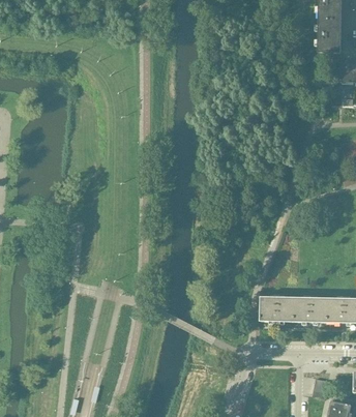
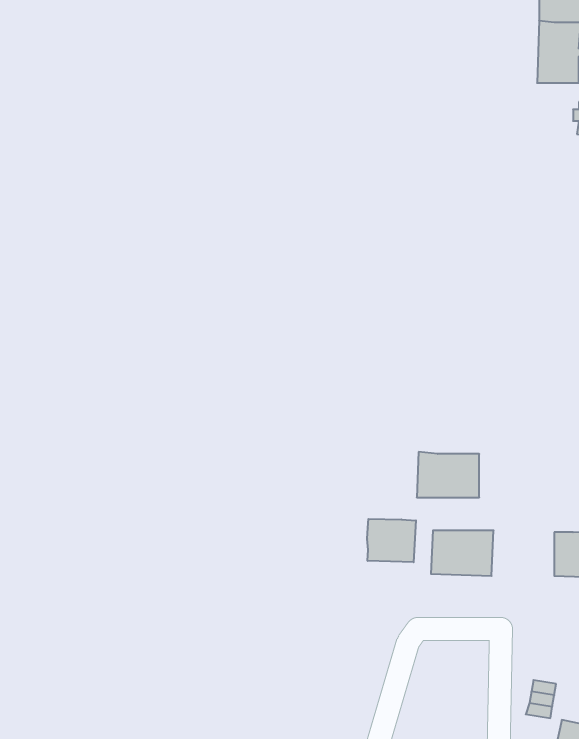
building: none -> [367,519,416,562]
building: [293,297,327,322] -> [417,452,479,497]

